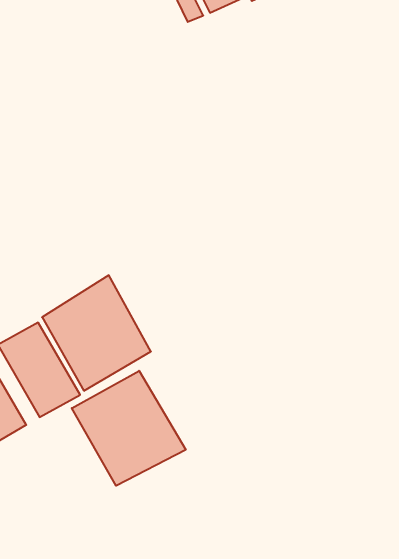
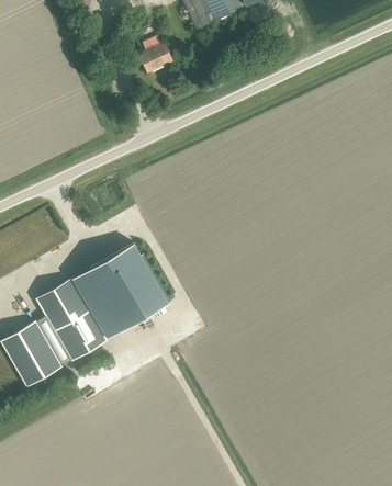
building: none -> [139,43,172,72]
building: [72,371,186,486] -> none

